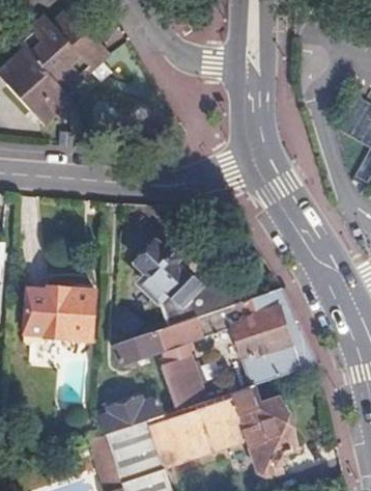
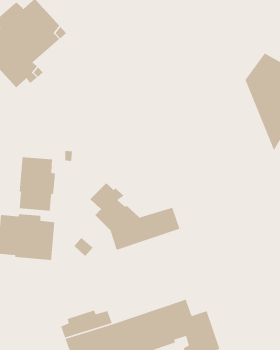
building: none -> [19,156,56,211]
building: [114,290,315,387] -> none
building: [162,359,205,411] -> none

